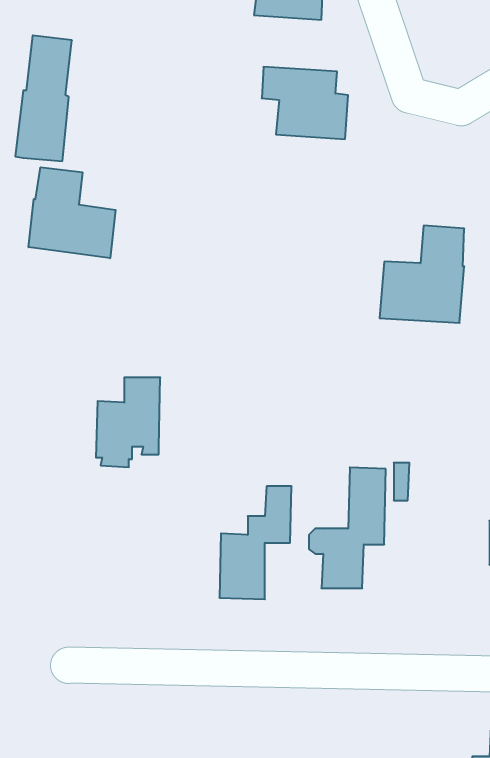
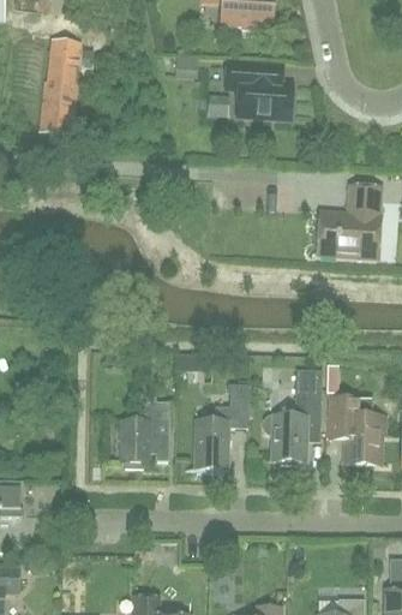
building: [29,167,116,258] -> none
building: [96,377,160,467] -> [120,401,169,470]
building: none -> [329,396,385,464]

